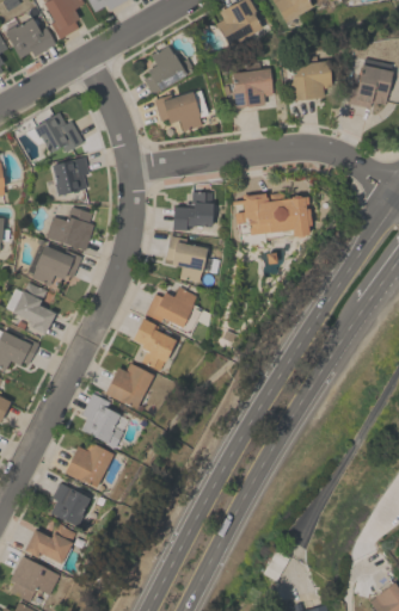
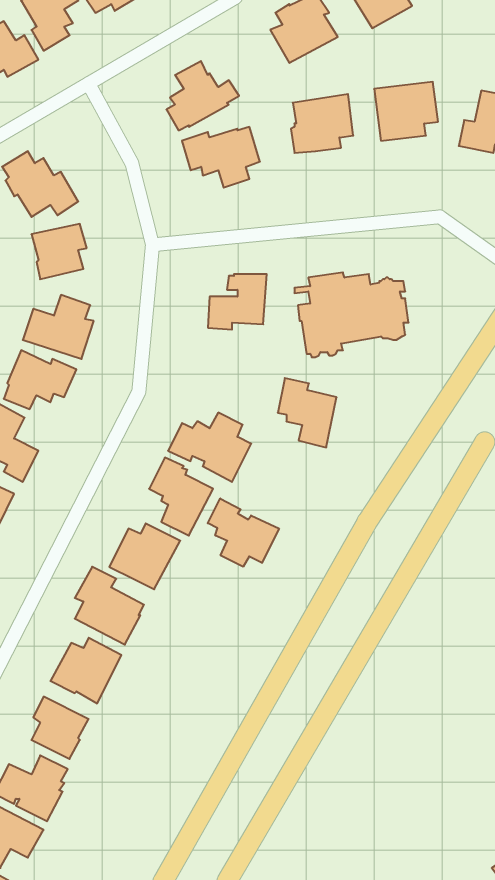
building: [166,235,207,283] -> [278,378,337,447]
building: none -> [208,498,279,567]

